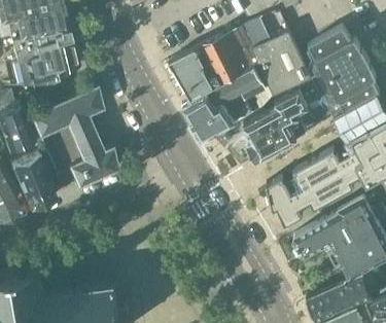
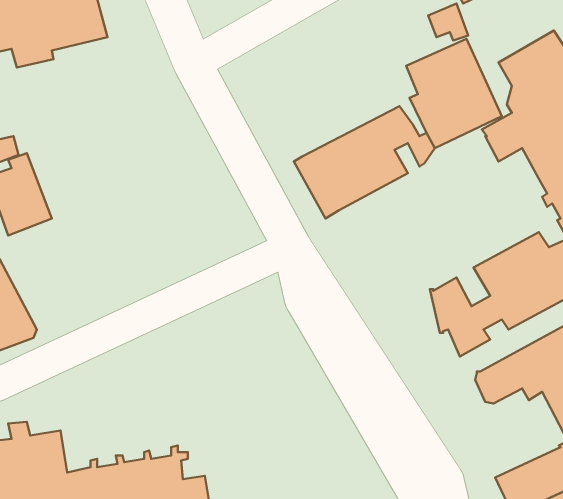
building: [169,28,258,102] -> none
building: [12,31,76,81] -> none
building: [29,86,116,187] -> none
building: [243,91,308,160] -> none
building: [10,155,56,209] -> none

